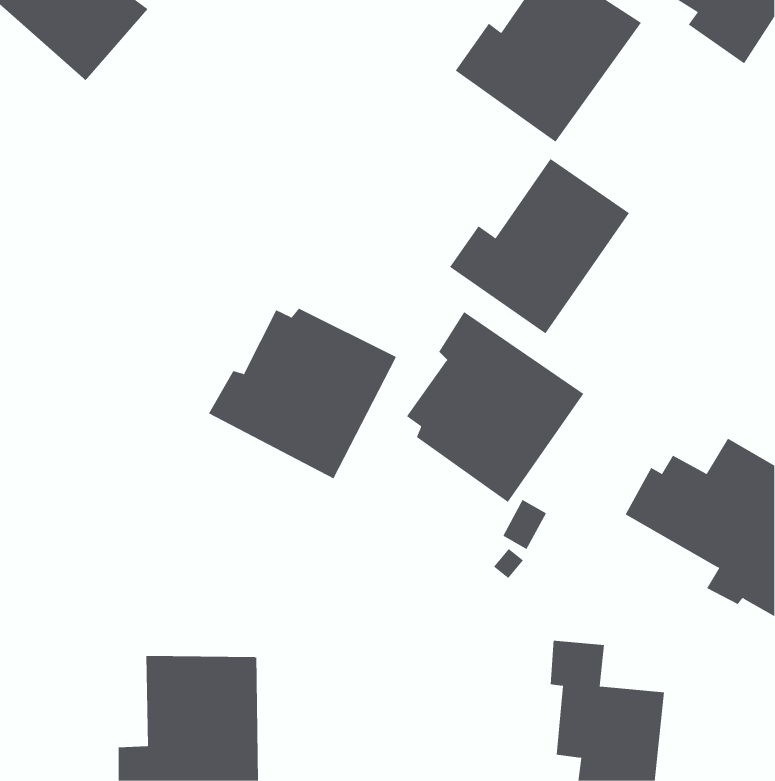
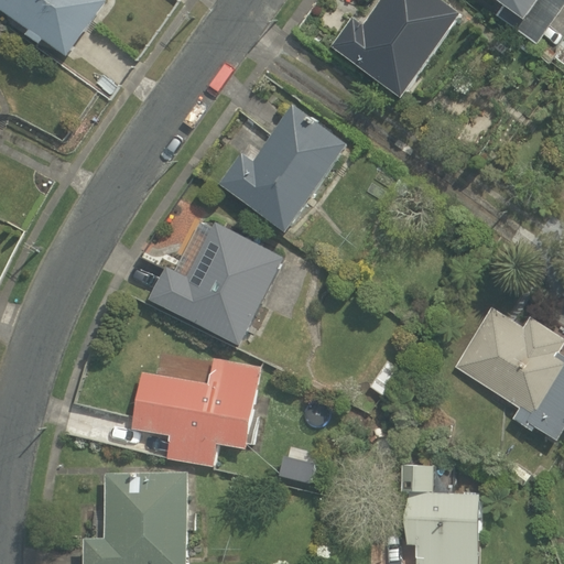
building: [449,158,630,334] -> [218,105,348,231]
building: [406,311,584,503] -> none
building: none -> [131,357,261,466]

